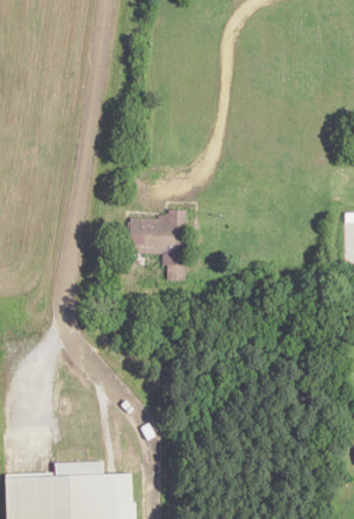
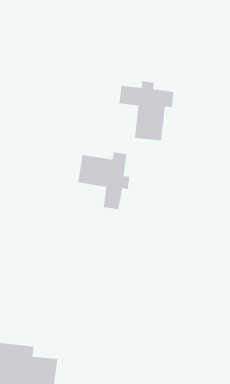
building: none -> [119,81,174,141]

